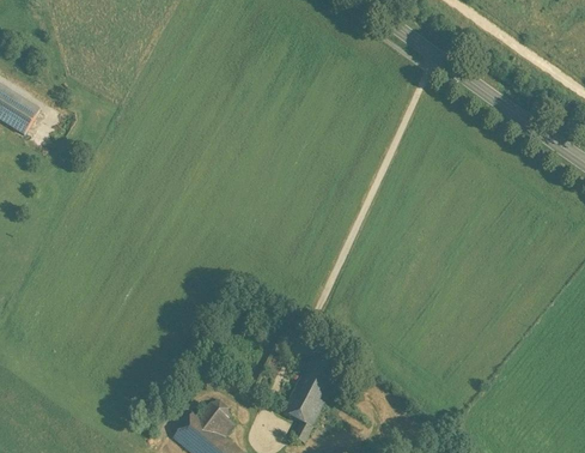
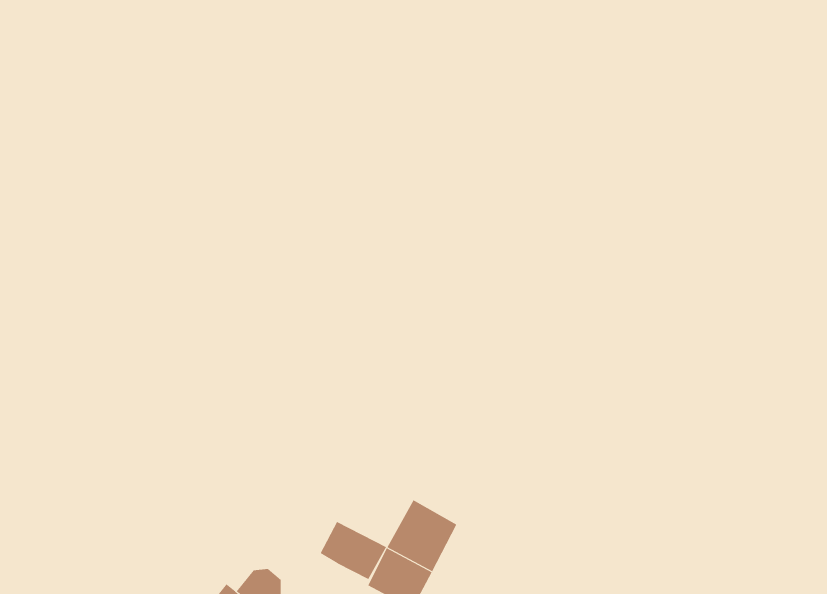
building: none -> [320,521,387,580]

